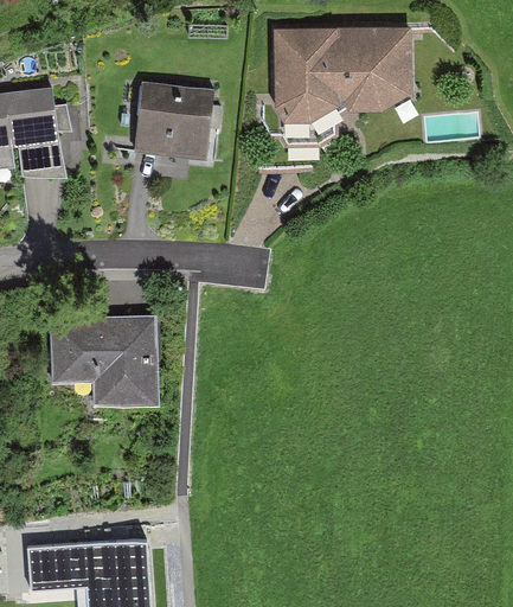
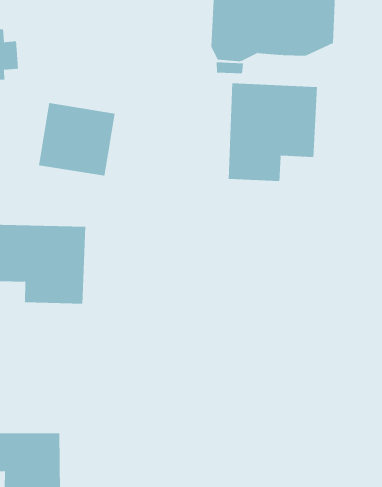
building: [133,82,213,158] -> [38,103,116,176]
building: none -> [228,82,317,182]

